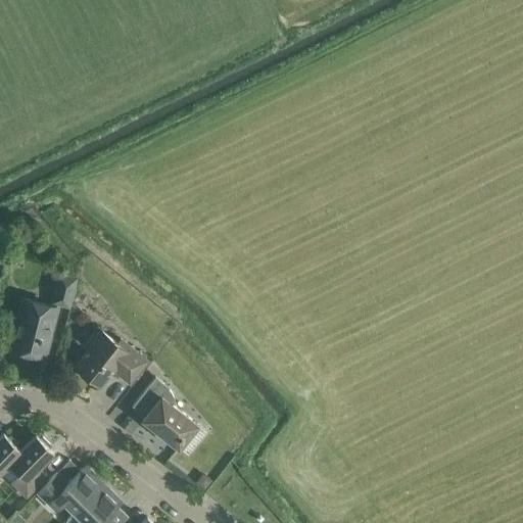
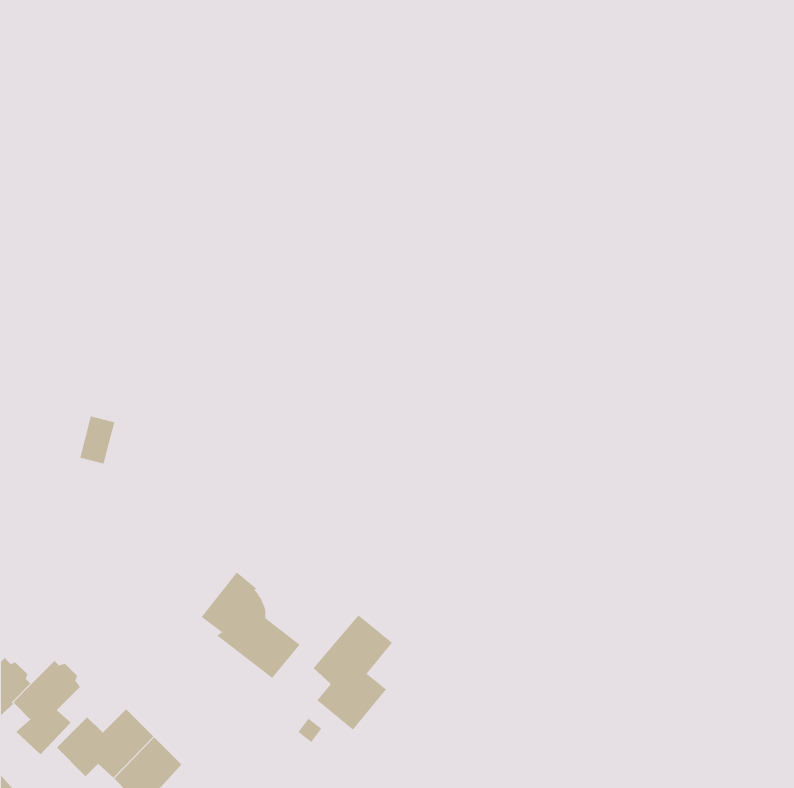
building: [10,302,58,362] -> none
building: [77,332,148,389] -> none
building: none -> [313,614,393,730]

